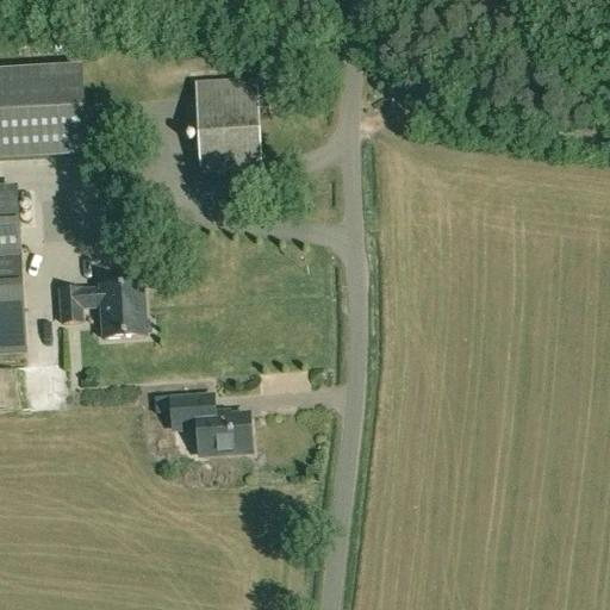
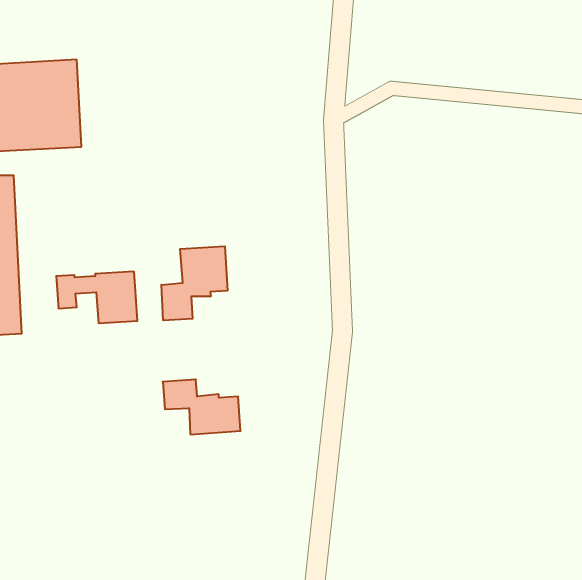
building: [193,76,260,166] -> none
building: none -> [161,246,227,320]

